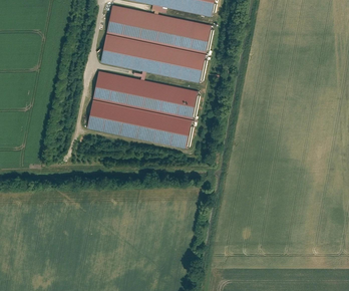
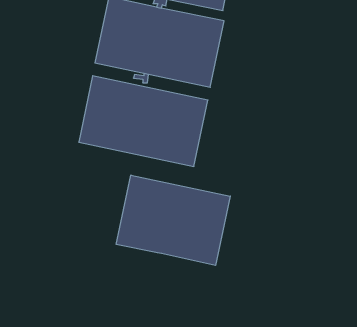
building: none -> [116,175,230,265]

